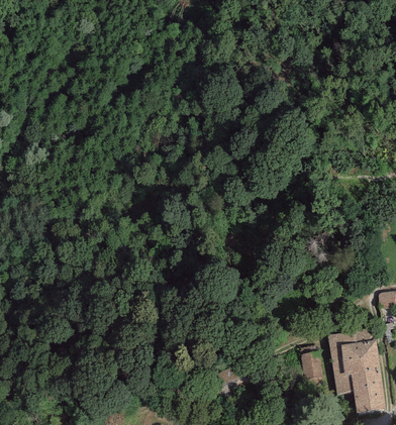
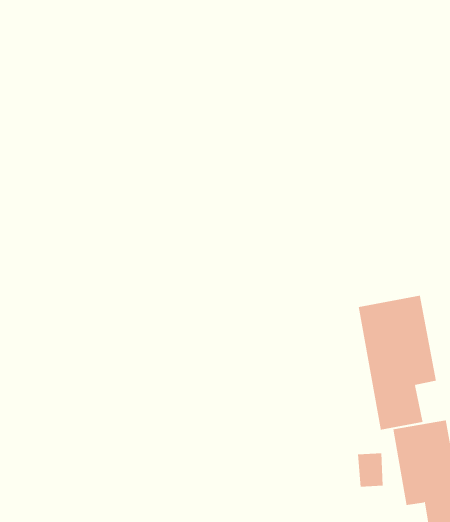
building: none -> [358,295,437,430]

